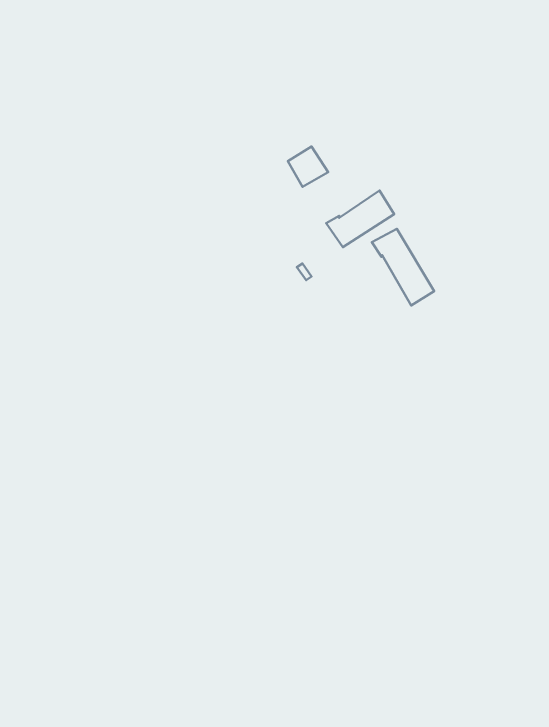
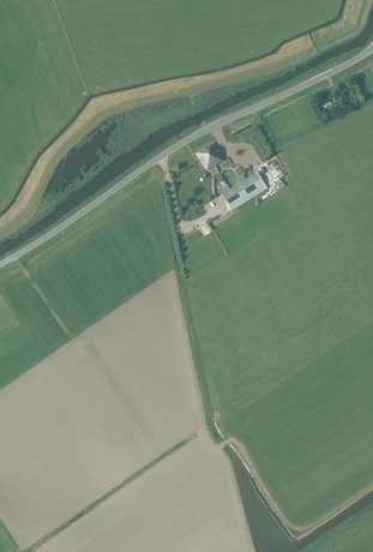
building: [372,229,434,306] -> none

